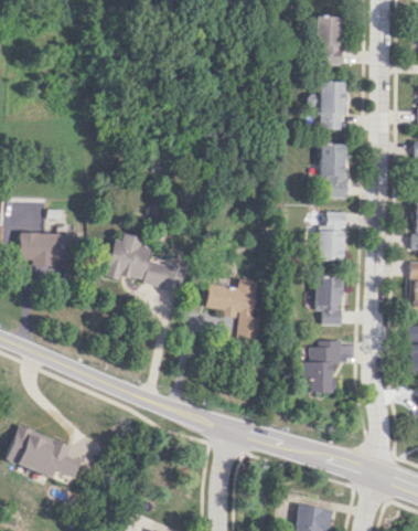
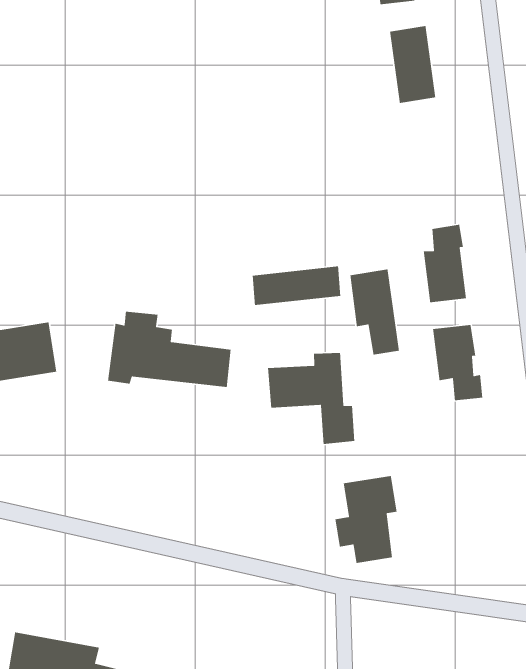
building: [320,144,346,198] -> [349,268,400,356]
building: none -> [252,266,341,306]
building: [302,340,343,393] -> [335,475,397,564]

